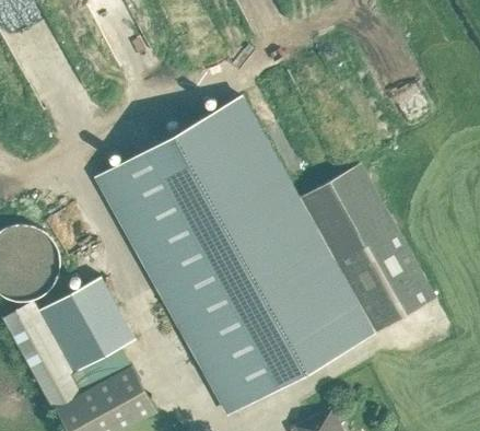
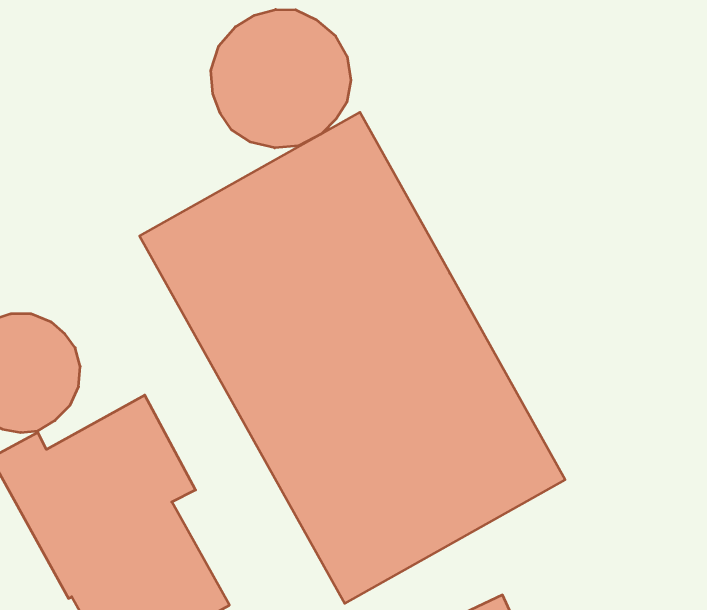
building: none -> [211,9,351,148]
building: [298,165,436,334] -> none

